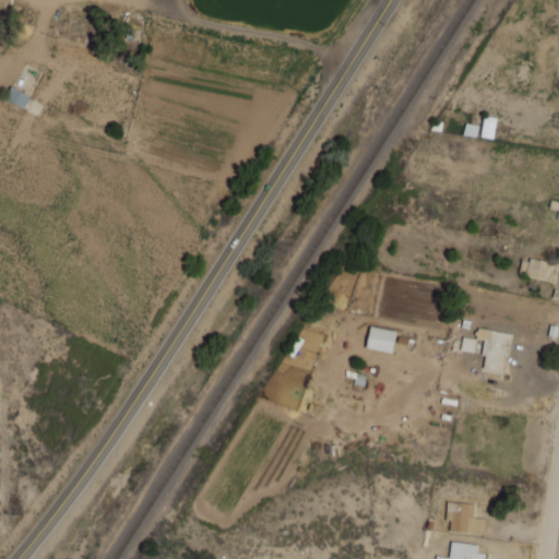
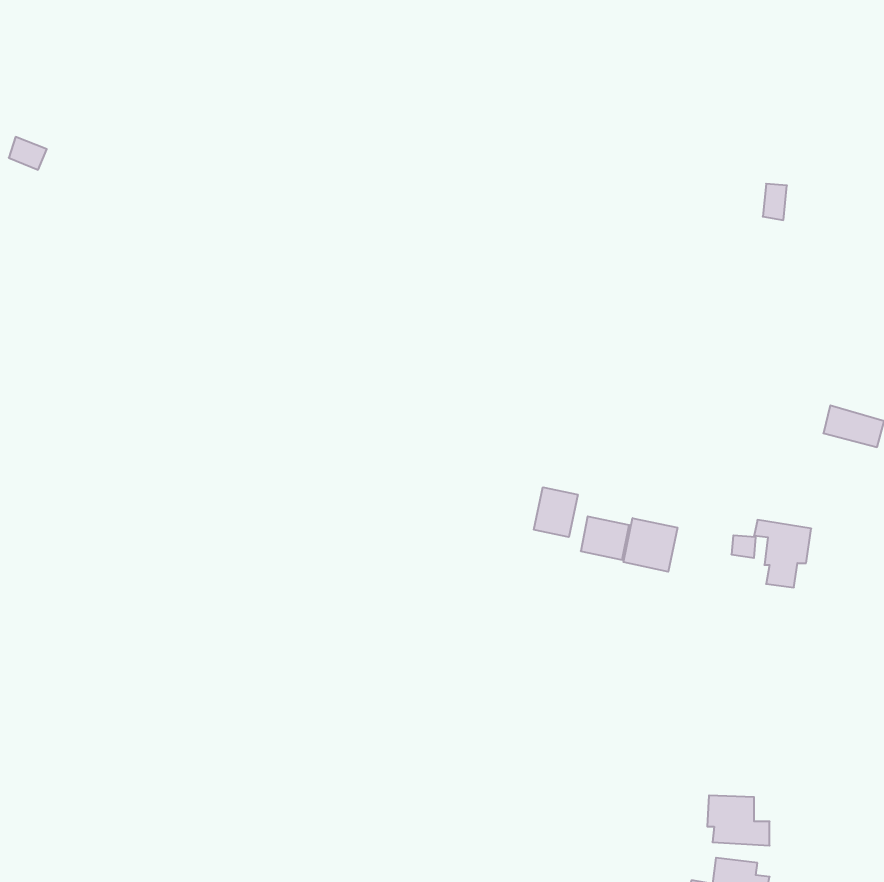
building: none -> [534,487,578,537]
building: none -> [623,518,677,572]

